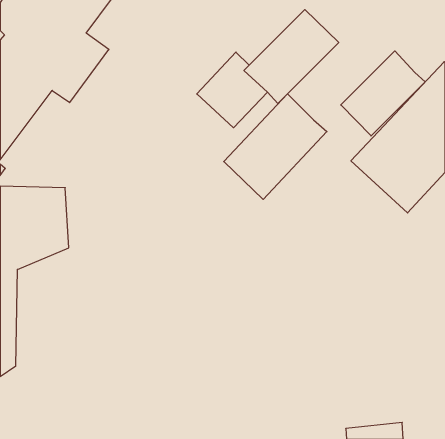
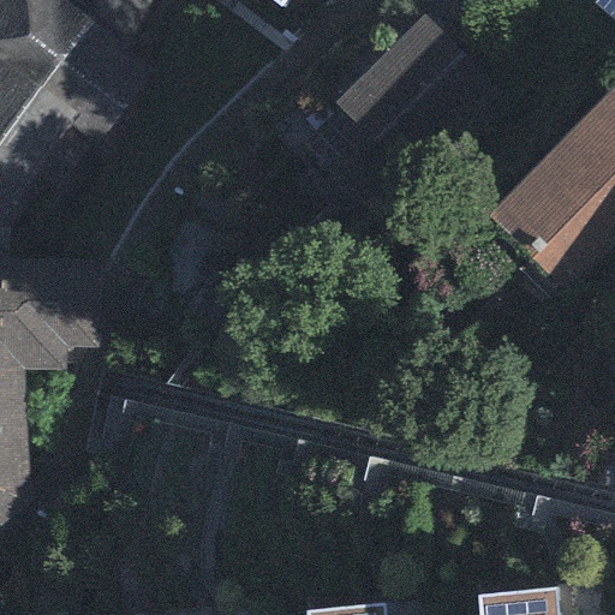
building: [341,51,425,136] -> none
building: [224,94,327,199] -> none

